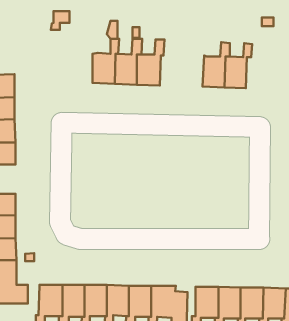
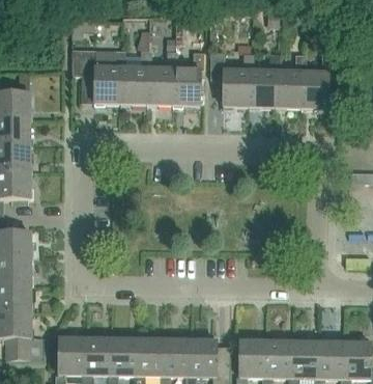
building: none -> [71,48,127,103]
building: none -> [212,54,256,107]
building: none -> [300,57,334,110]

